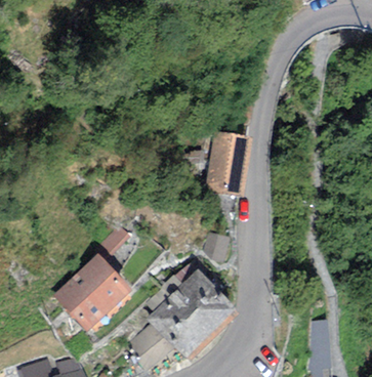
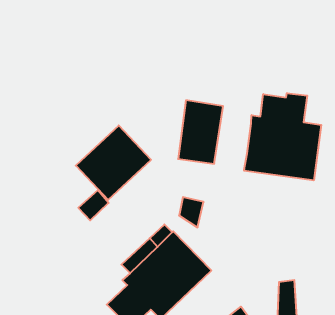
building: none -> [244,93,321,180]
building: [52,253,131,331] -> [76,125,151,200]

